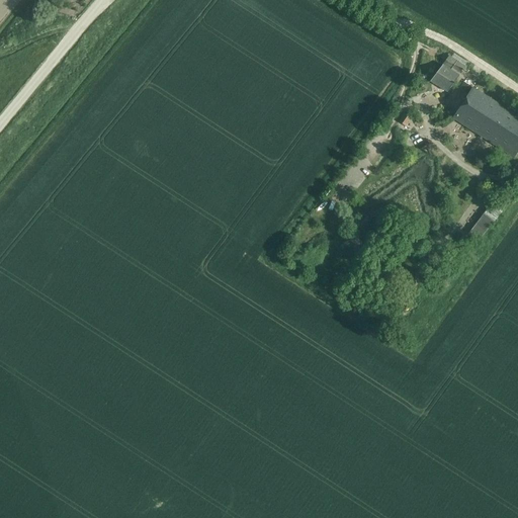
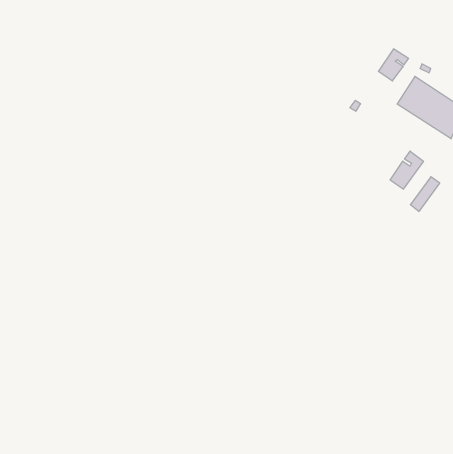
building: none -> [390,151,423,189]

